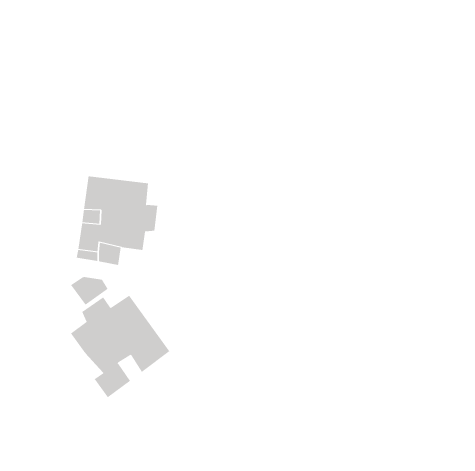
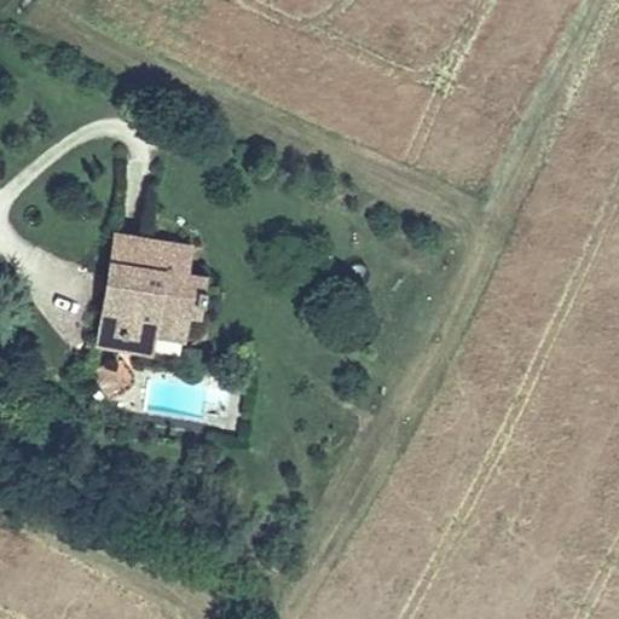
building: [70,295,170,398] -> none

